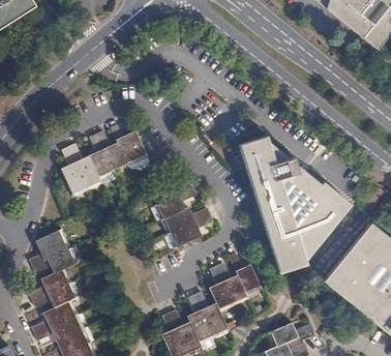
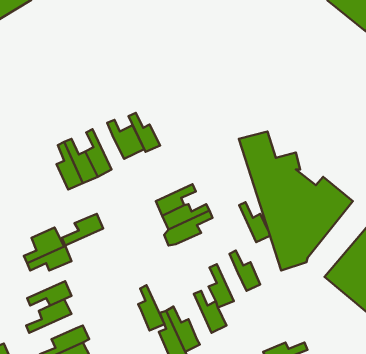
building: [96,131,127,170] -> [128,113,160,152]
building: [218,264,248,303] -> [239,202,270,242]
building: [29,269,69,300] -> [62,214,103,245]
building: [187,296,213,340] -> [138,285,164,331]
building: [34,316,82,342] -> none
building: [270,323,313,348] -> none

